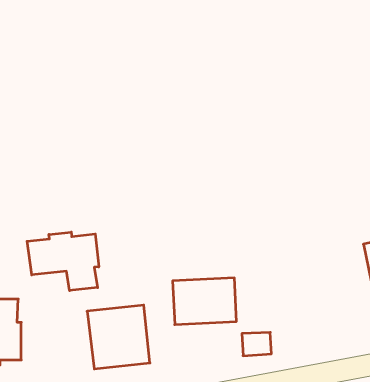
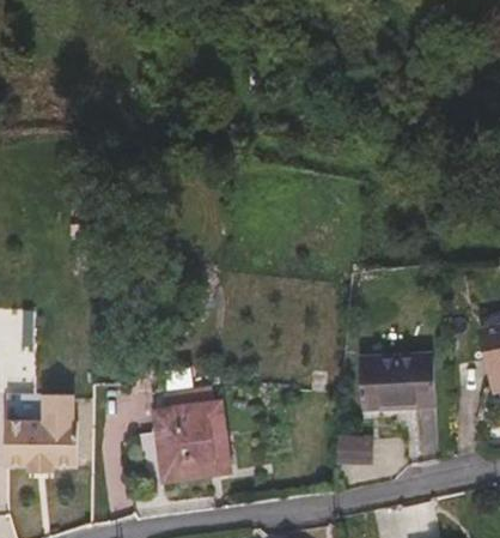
building: [27,232,99,291] -> none
building: [173,278,236,325] -> [360,356,435,411]

